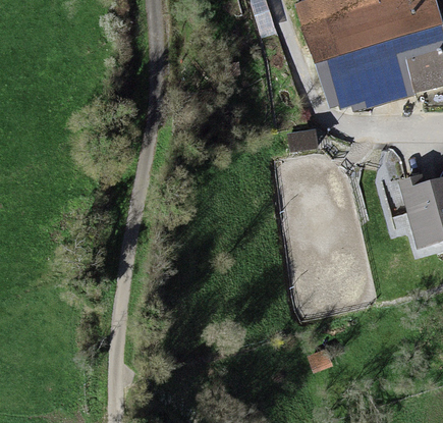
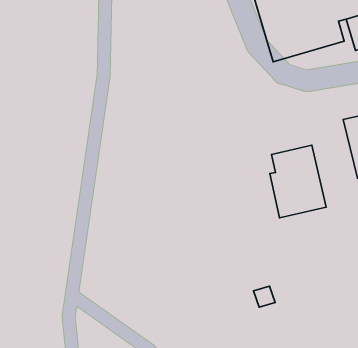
building: none -> [270,145,326,218]

